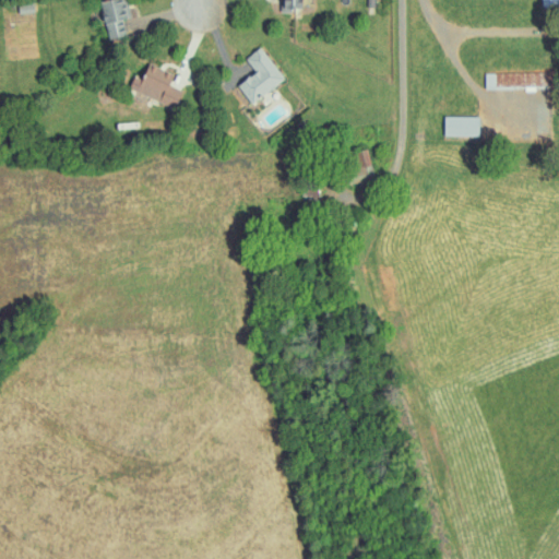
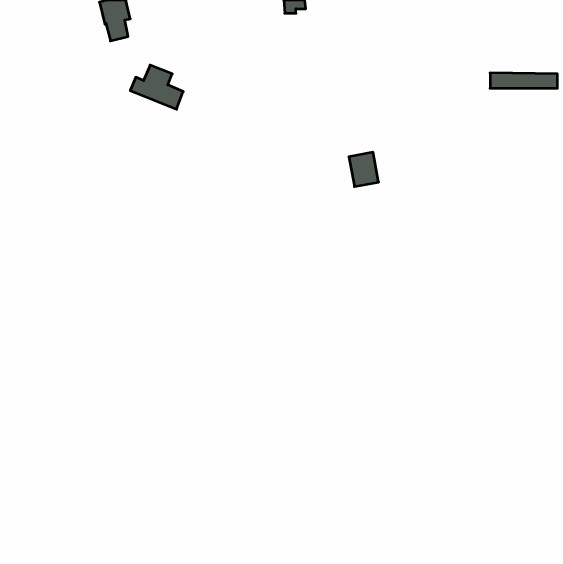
building: [238,47,286,105] -> none
building: [445,116,480,136] -> none

